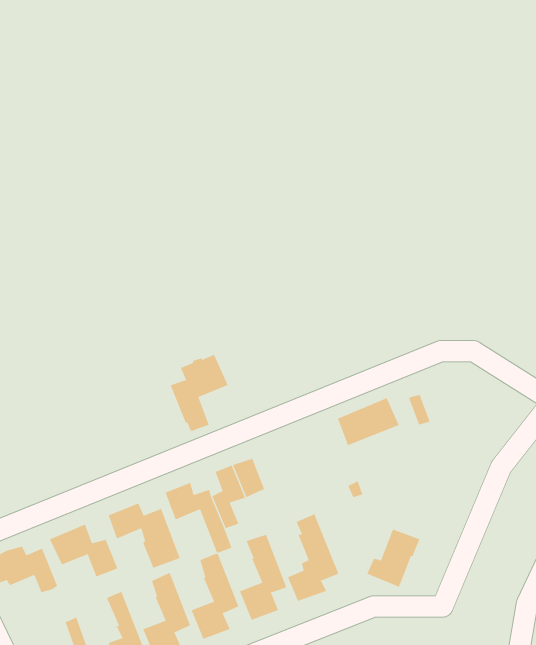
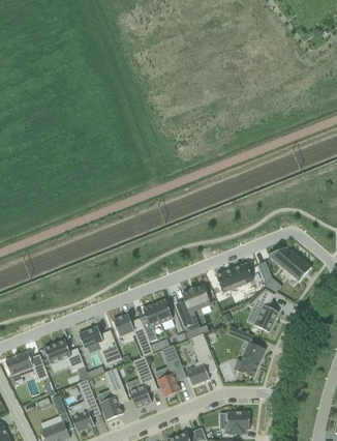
building: [170,354,228,432] -> [176,285,211,331]
building: none -> [268,246,311,281]
building: none -> [248,289,278,331]

